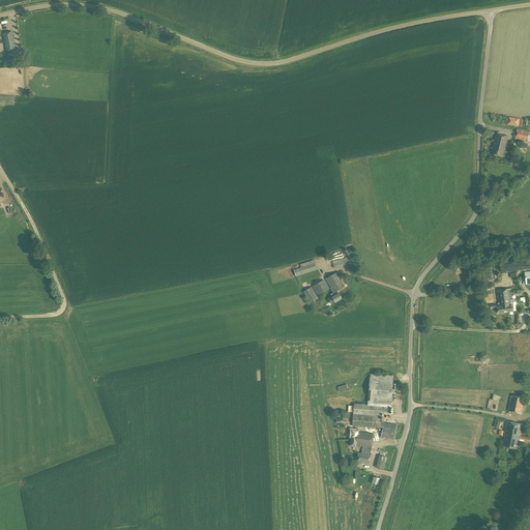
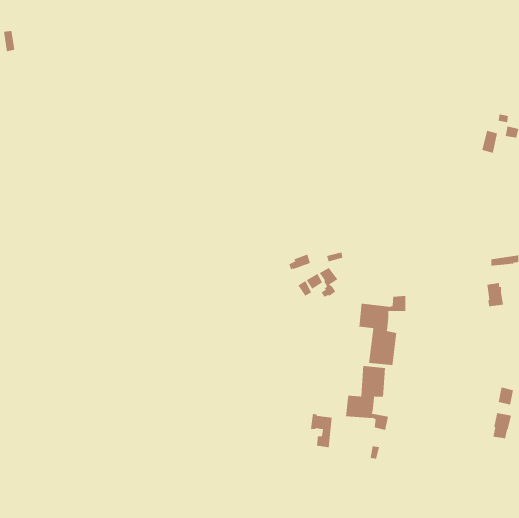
building: none -> [359,295,406,366]
building: [350,429,373,464] -> [310,413,332,448]

